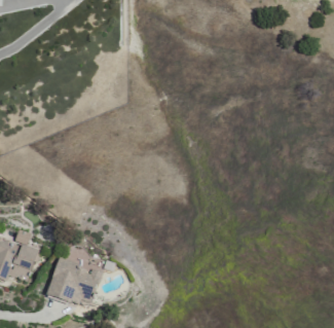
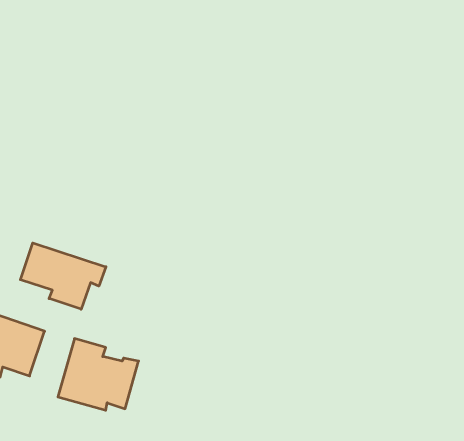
building: none -> [20,243,106,309]

